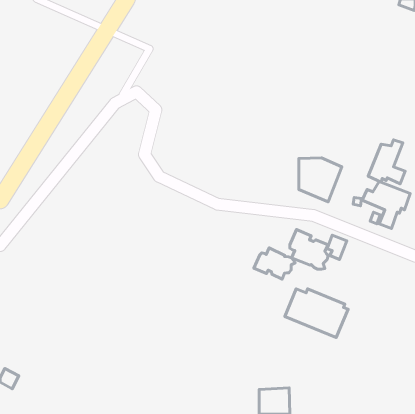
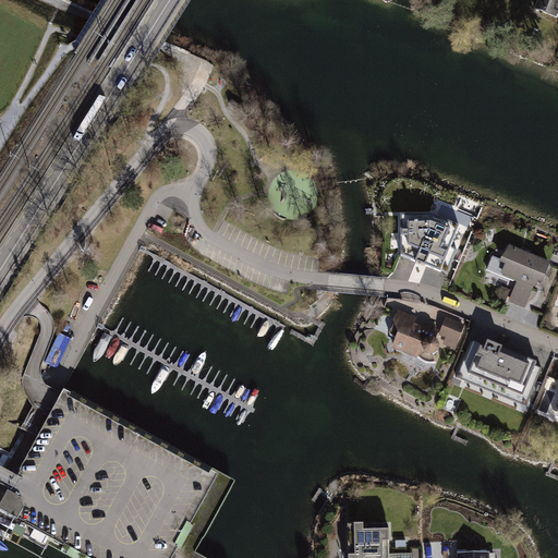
building: [368,140,405,184] -> none
building: [254,248,295,279] -> none
building: [285,289,348,338] -> [457,339,542,404]

